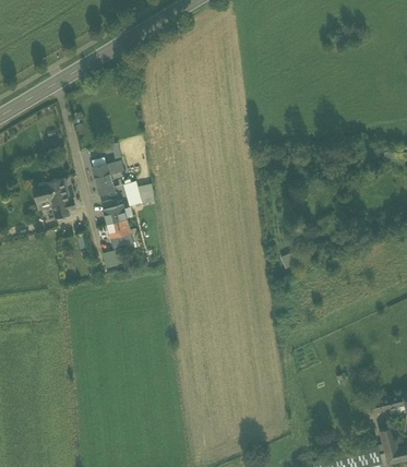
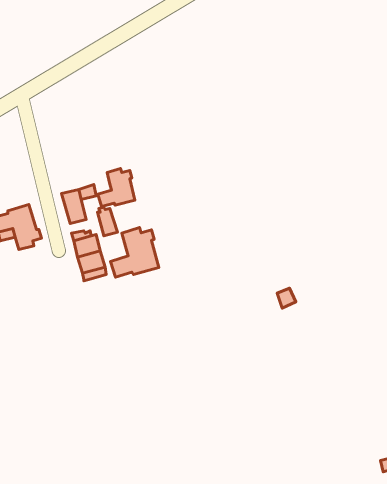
building: none -> [98,168,135,207]
building: none -> [111,228,159,277]

